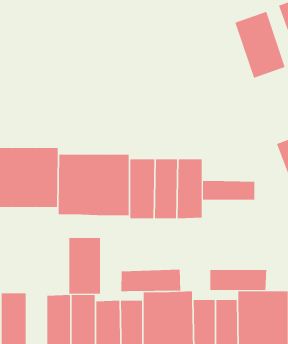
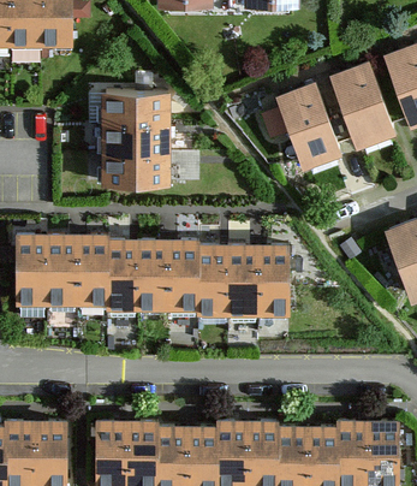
building: none -> [275,83,339,167]
building: none -> [96,91,171,182]
building: [202,180,255,200] -> none
building: [69,237,101,295] -> none
building: [121,269,181,292] -> none
building: [210,269,267,291] -> none

